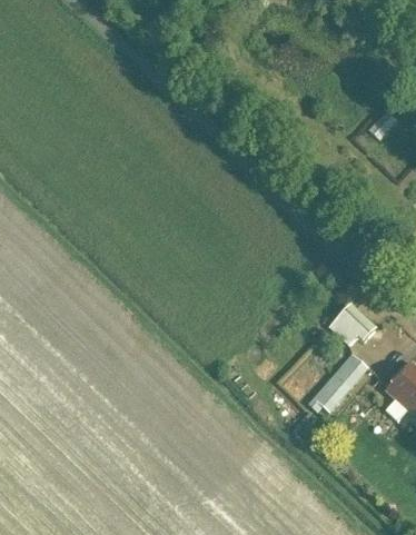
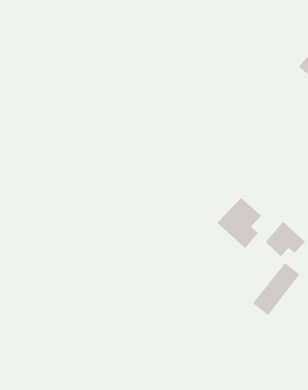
building: none -> [216,197,262,249]

